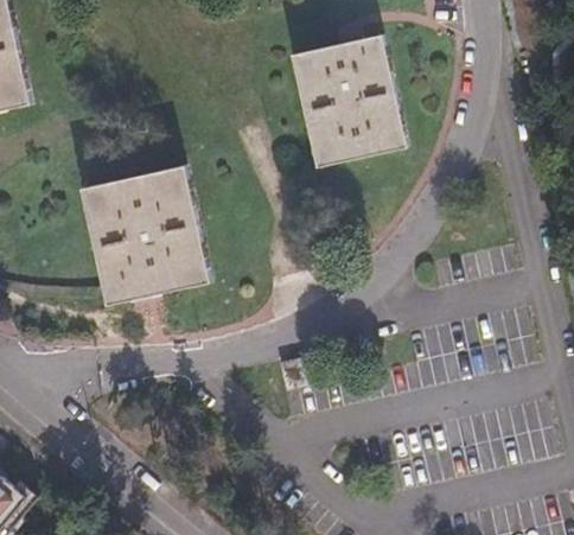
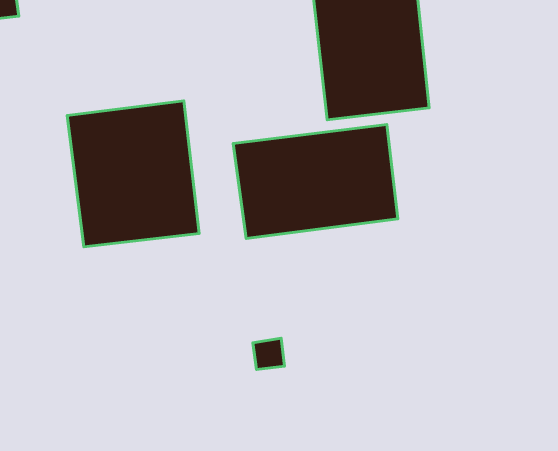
building: none -> [233,124,398,239]

